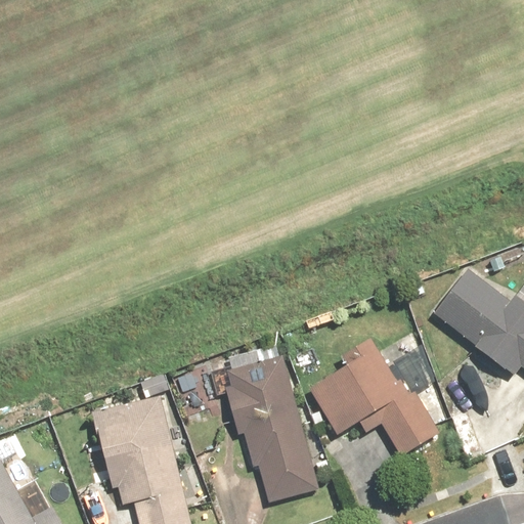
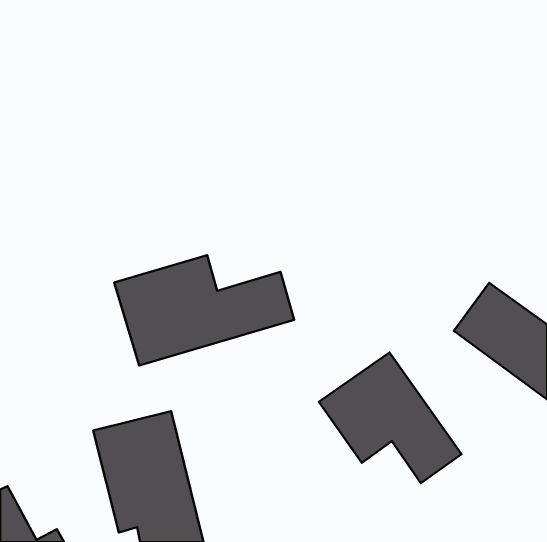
building: none -> [114,255,294,365]
building: [221,345,322,505] -> none

